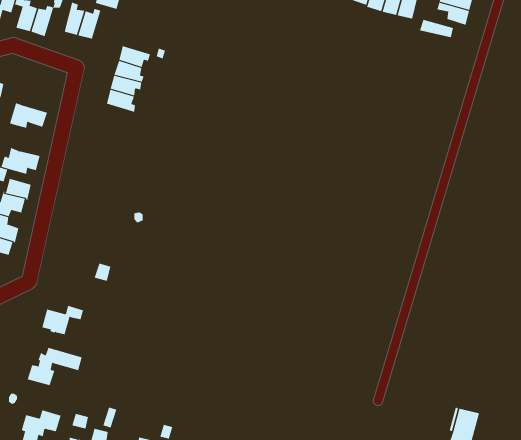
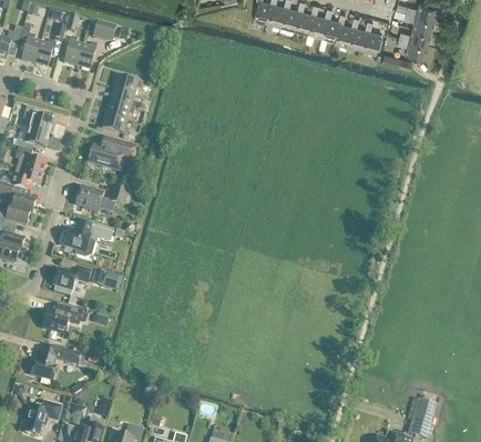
building: none -> [23,107,54,135]
building: none -> [89,138,137,171]
building: none -> [16,147,47,174]
building: none -> [76,187,127,212]
building: none -> [64,222,113,259]
building: none -> [53,268,92,297]

